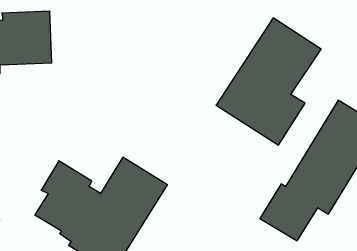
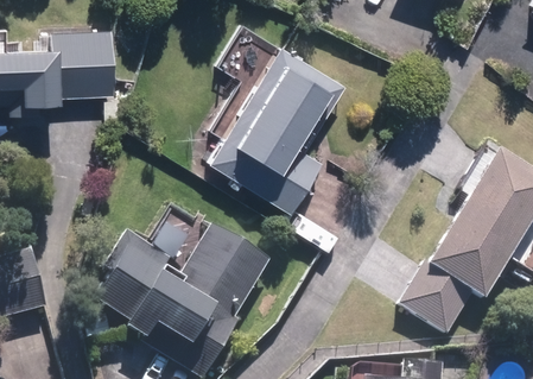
building: [216,18,321,145] -> [207,43,347,213]

